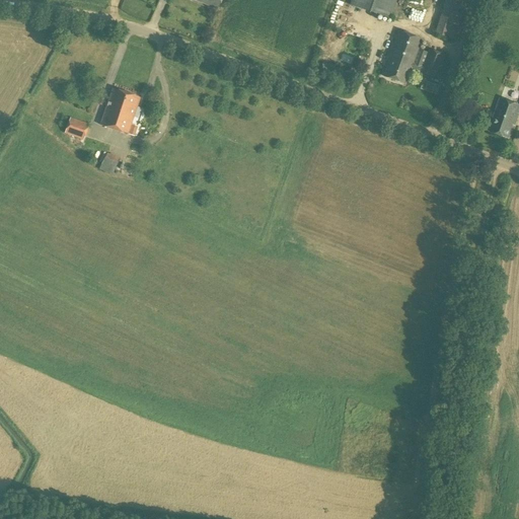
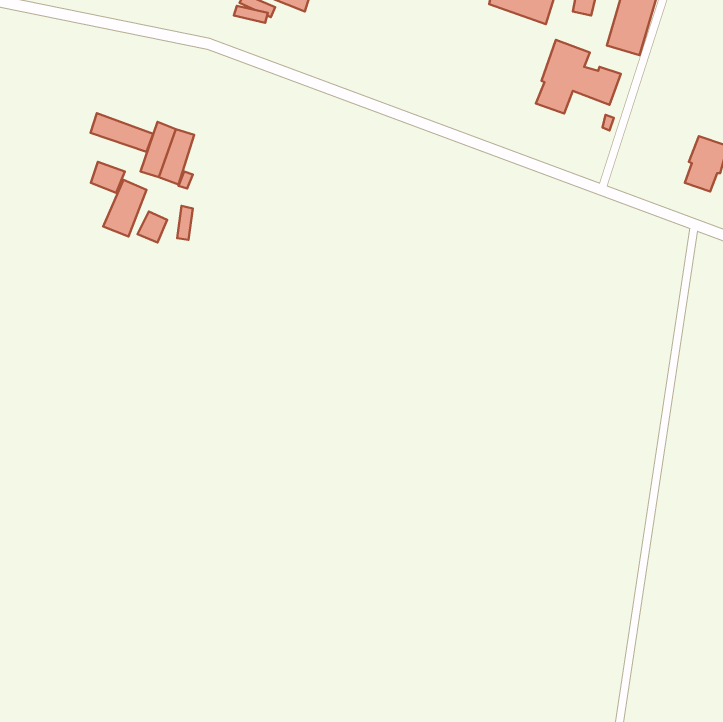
building: none -> [91,113,153,152]
building: none -> [103,180,146,237]

